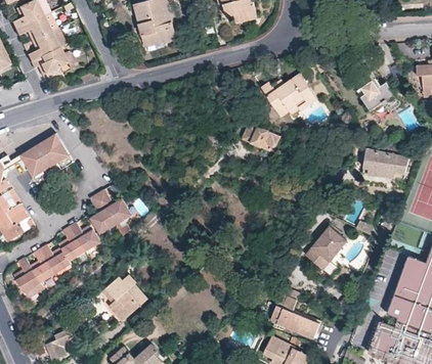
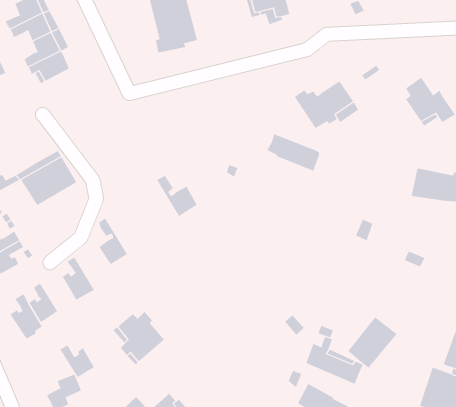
building: [96,188,132,224] -> [156,175,198,217]
building: [70,222,102,255] -> none
building: [304,226,347,271] -> [348,316,397,369]
building: [40,244,71,273] -> [59,345,95,378]

